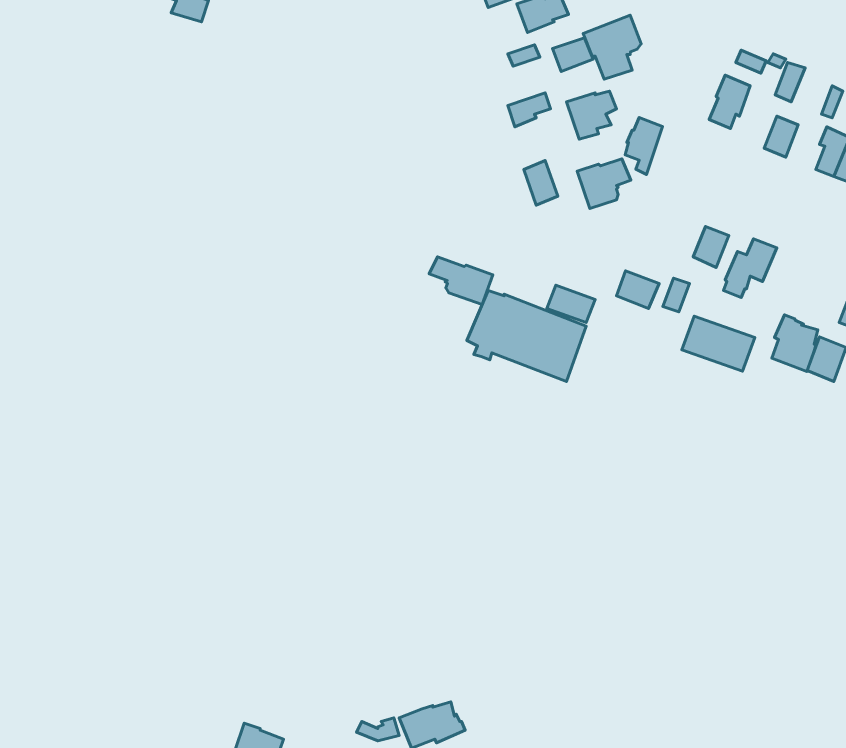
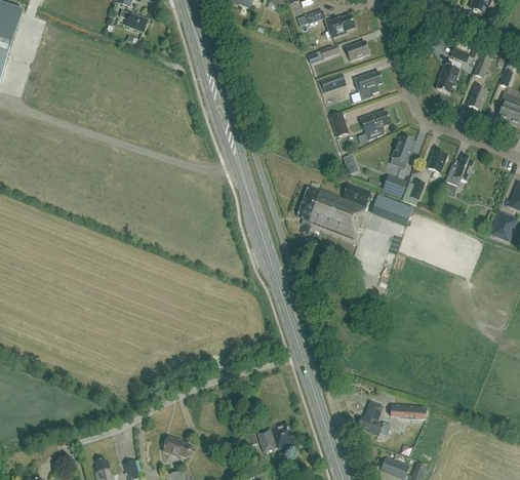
building: [583,15,641,79] -> none
building: [625,118,662,175] -> [393,135,414,168]
building: [429,257,493,305] -> none
building: [772,315,818,372] -> none
building: [682,316,755,371] -> [373,193,415,225]
building: none -> [358,401,391,435]
building: none -> [390,402,427,419]

